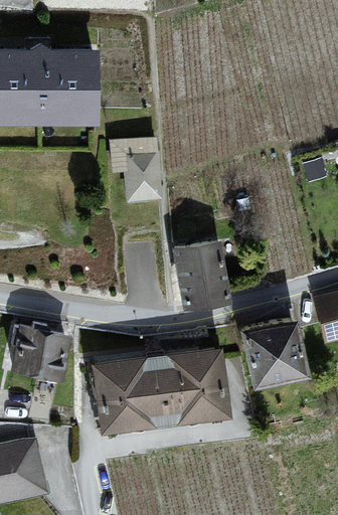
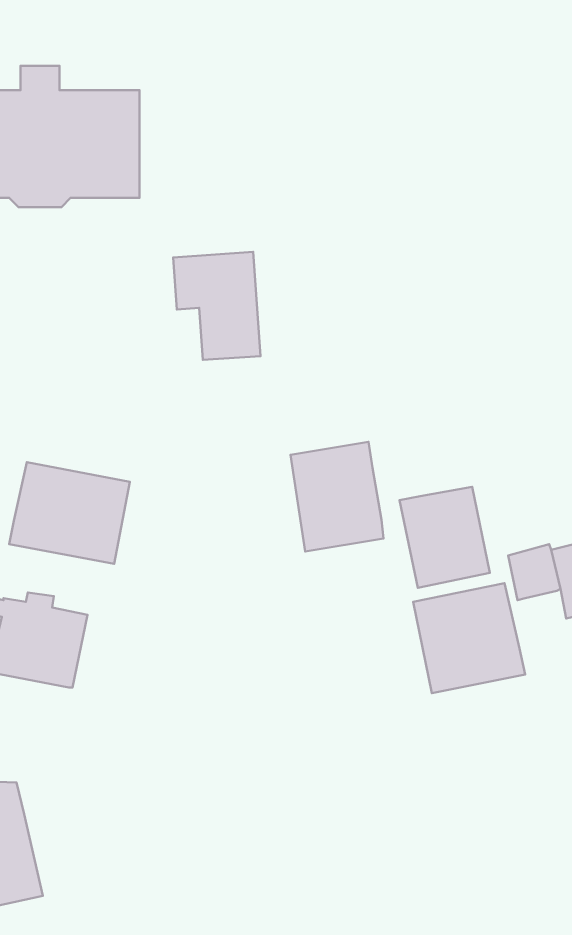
building: none -> [9,462,130,564]
building: none -> [400,487,490,588]
building: [98,356,224,430] -> none

